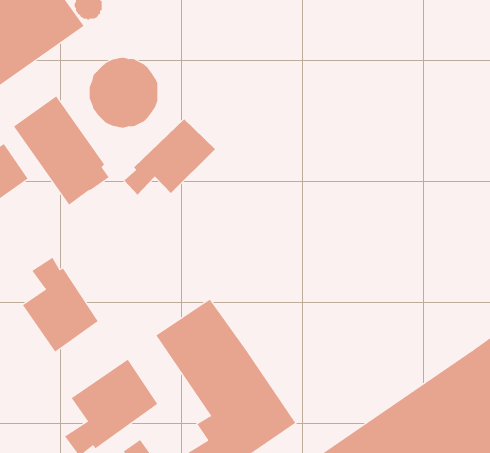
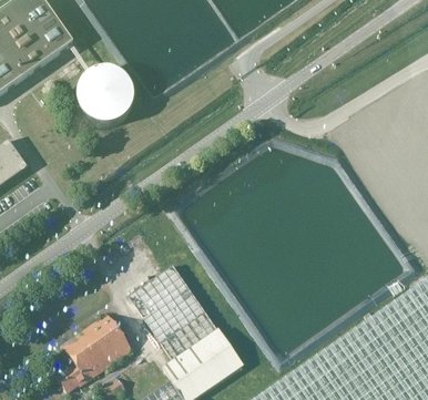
building: [13,96,109,206] -> none
building: [123,119,216,195] -> none
building: [22,257,99,353] -> none

